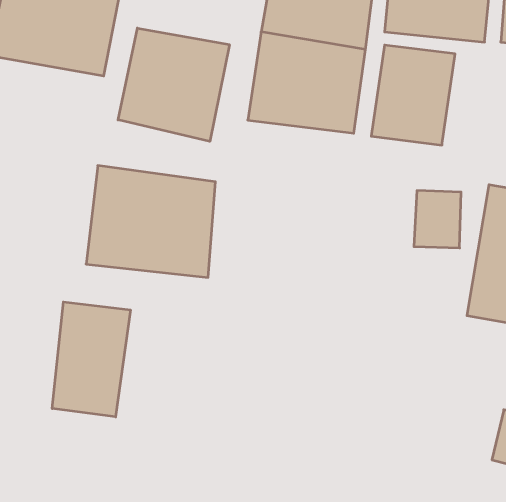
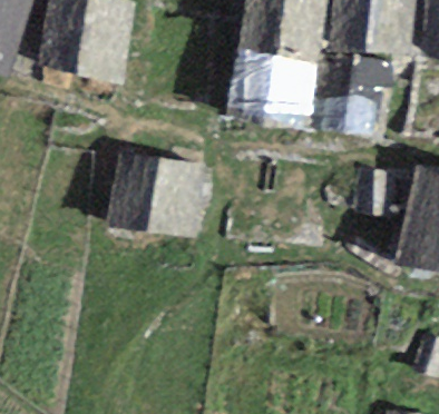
building: [118,28,229,141] -> none
building: [52,302,130,417] -> none

